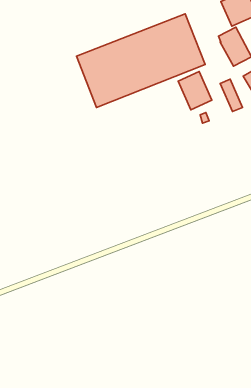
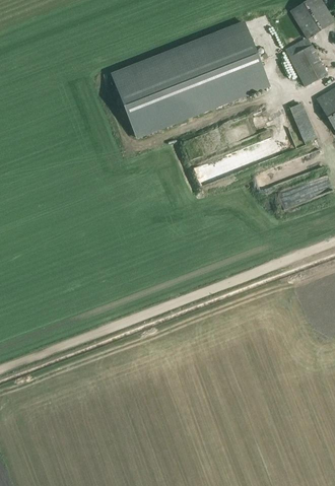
building: [178,71,212,110] -> none

